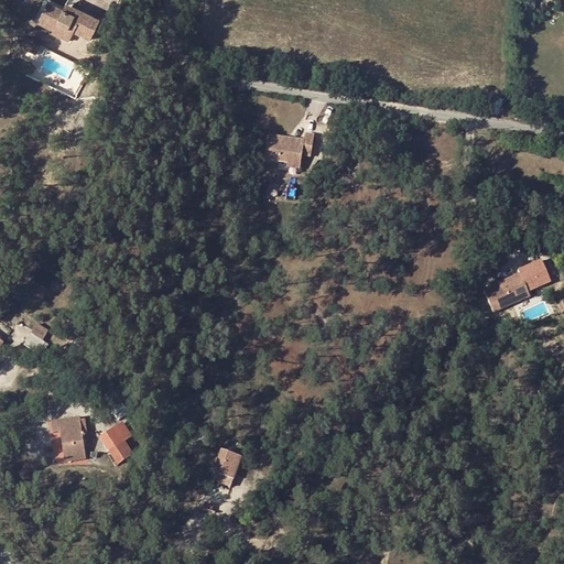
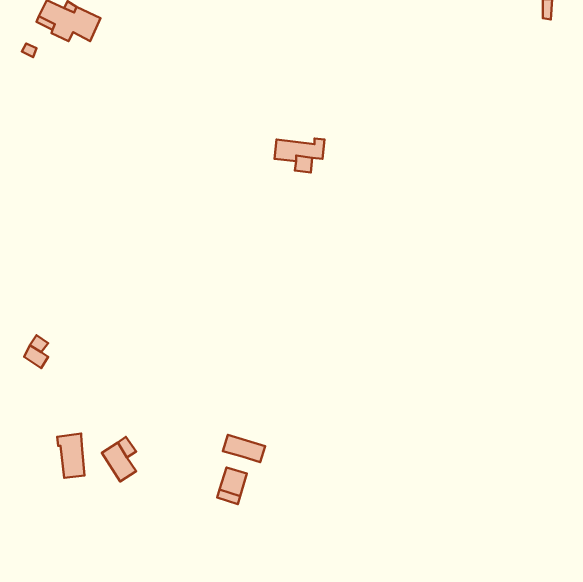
building: [484,259,551,311] -> none
building: none -> [223,435,265,462]

